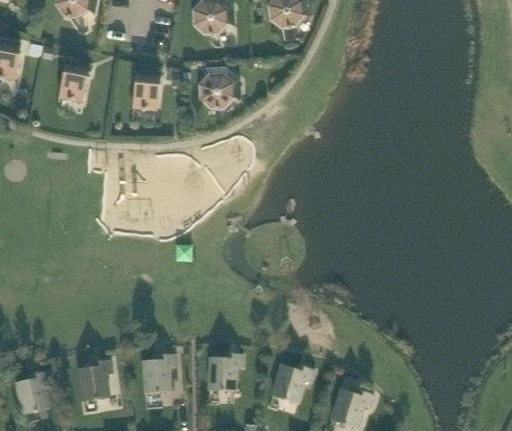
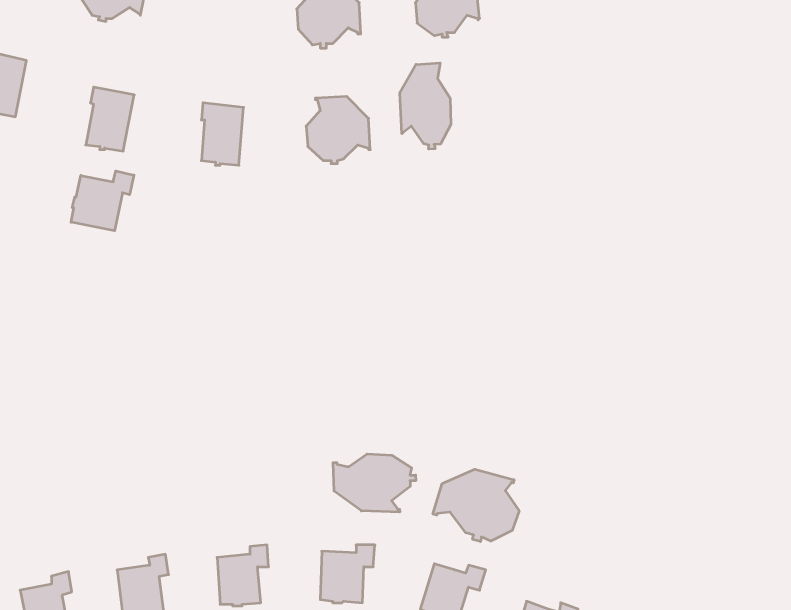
building: none -> [400,63,451,149]
building: none -> [71,171,134,231]
building: none -> [333,454,416,512]
building: none -> [433,469,519,542]

